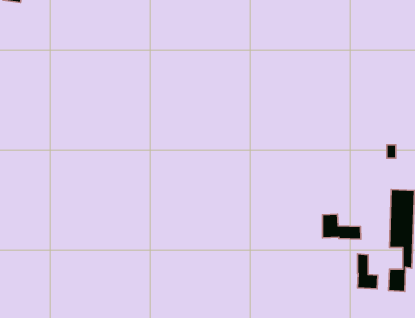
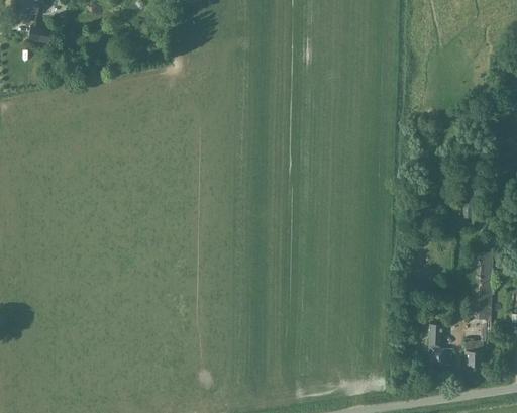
building: [322,214,361,239] -> none

